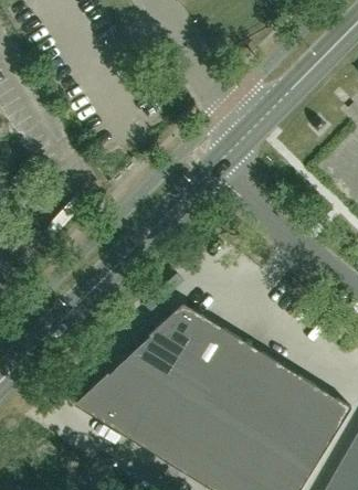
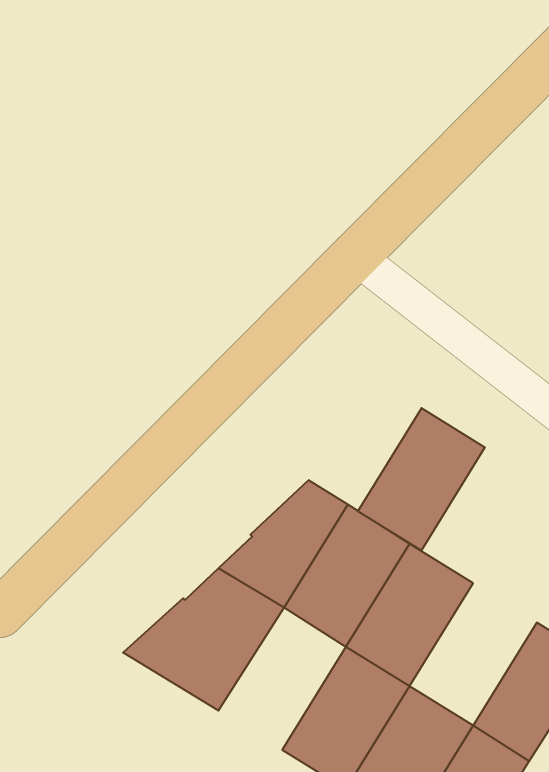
building: [243,364,318,448] -> [358,408,485,550]
building: [130,379,206,462] -> none

